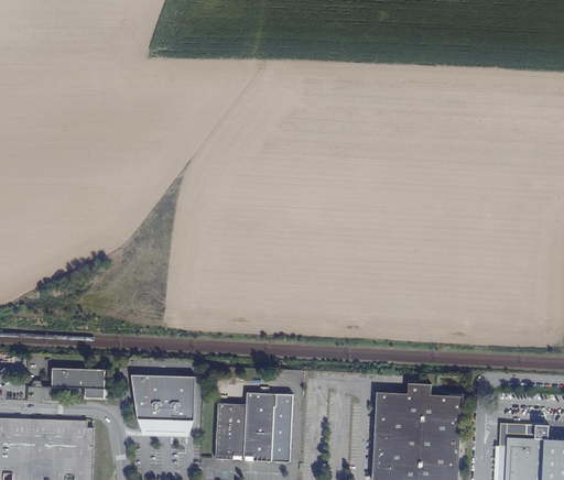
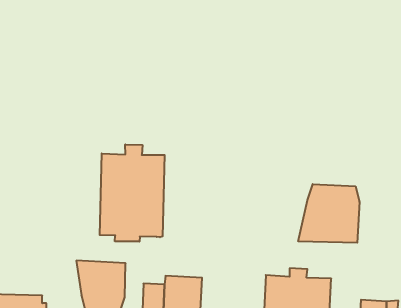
building: none -> [100,144,165,242]
building: none -> [298,184,359,243]
building: [51,367,105,397] -> none

